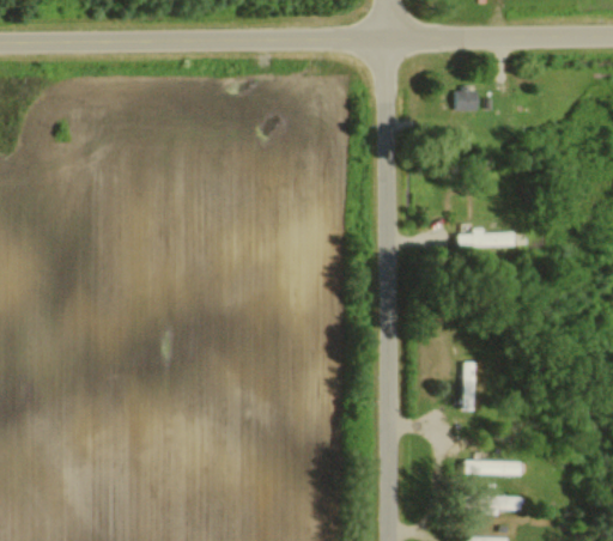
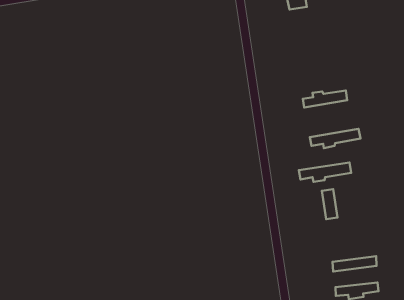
building: none -> [310,129,360,148]
building: none -> [299,162,351,182]

